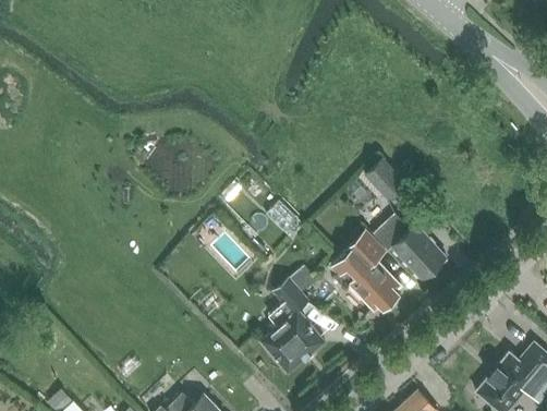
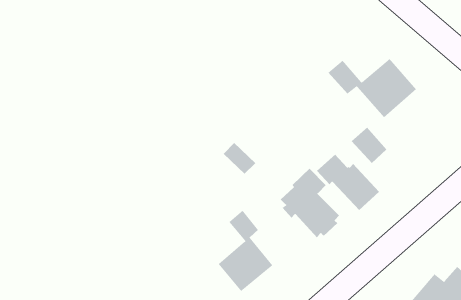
building: none -> [328,58,417,118]
building: [365,158,406,201] -> [351,127,387,164]

